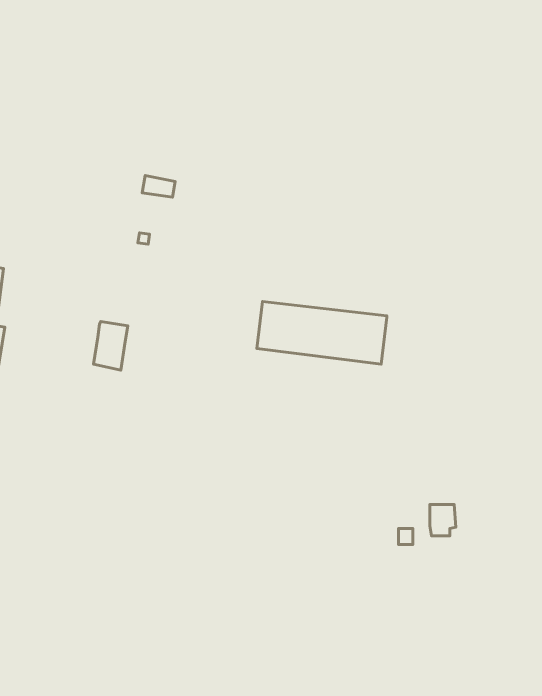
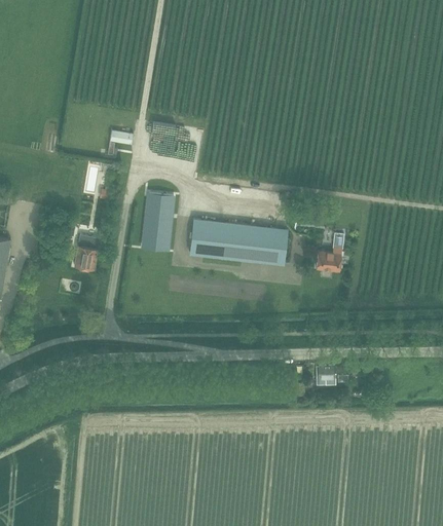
building: none -> [140,192,175,252]
building: none -> [316,247,341,271]

